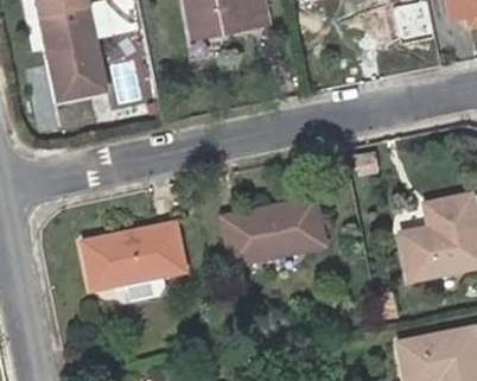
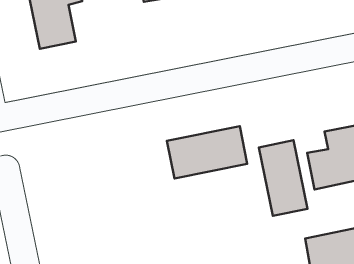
building: none -> [259,140,308,216]
building: [82,223,183,303] -> none

